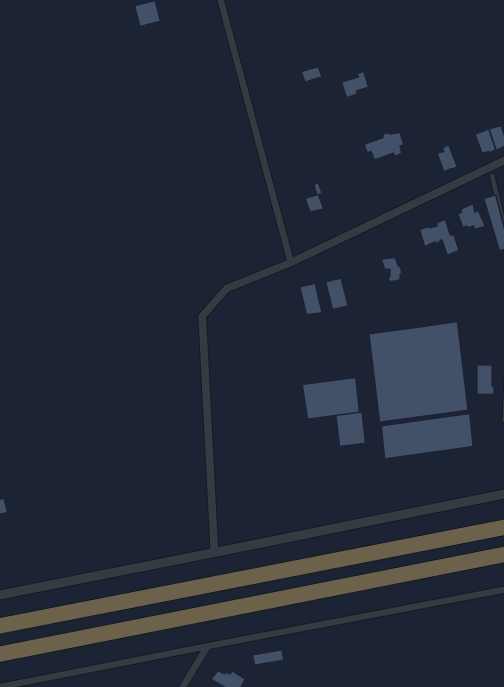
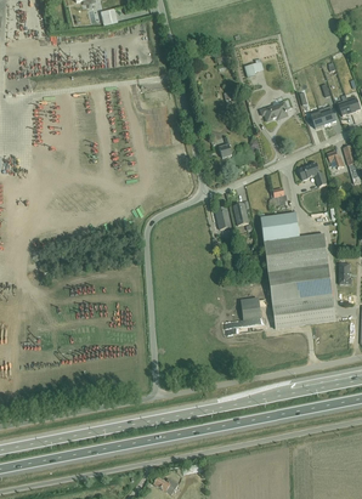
building: [302,377,359,419] -> [259,212,299,242]

